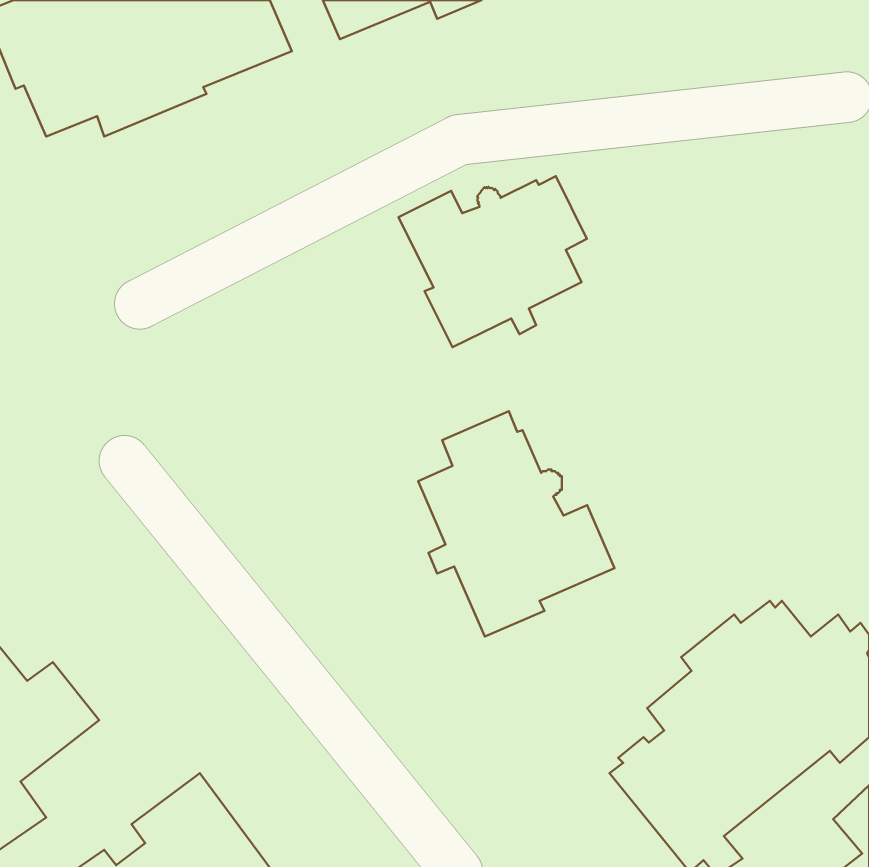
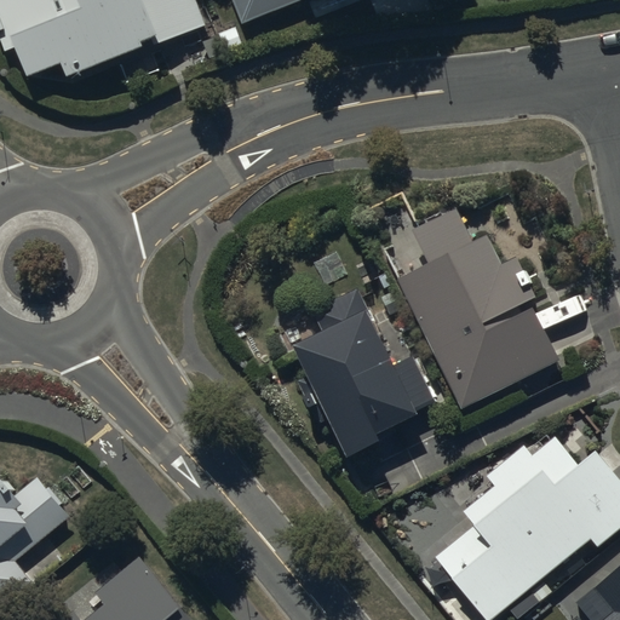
building: [398,176,587,347] -> none
building: none -> [392,203,557,404]

